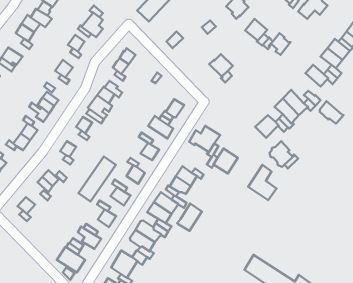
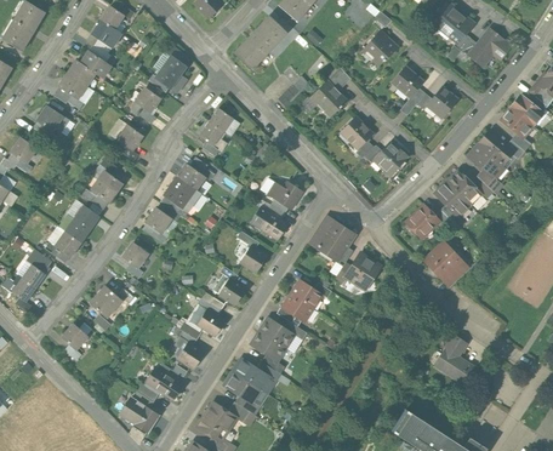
building: none -> [312,81,346,116]
building: none -> [374,141,406,173]
building: [320,101,343,124] -> [469,144,503,177]
building: [79,157,116,202] -> none
building: [248,165,277,200] -> [433,332,474,383]
building: [177,204,202,231] -> none

